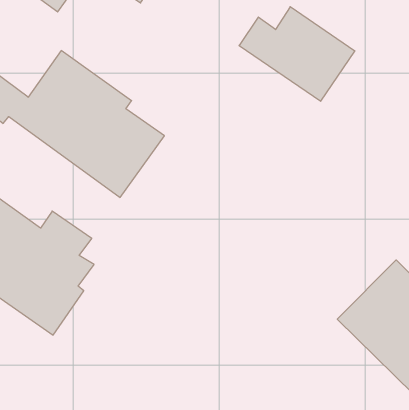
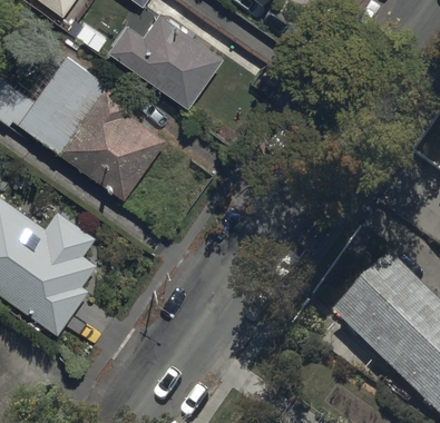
building: [239,7,355,101] -> [108,13,222,106]

